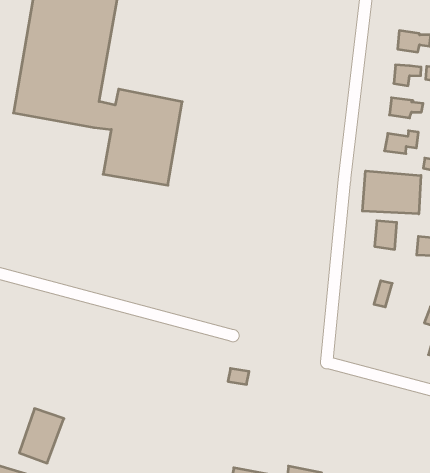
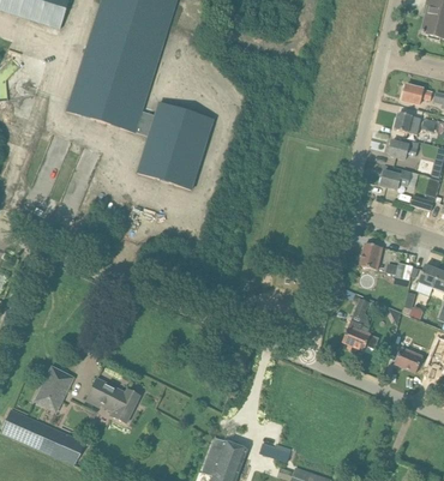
building: [362,171,421,214] -> none
building: none -> [342,319,379,350]
building: none -> [86,378,140,423]

